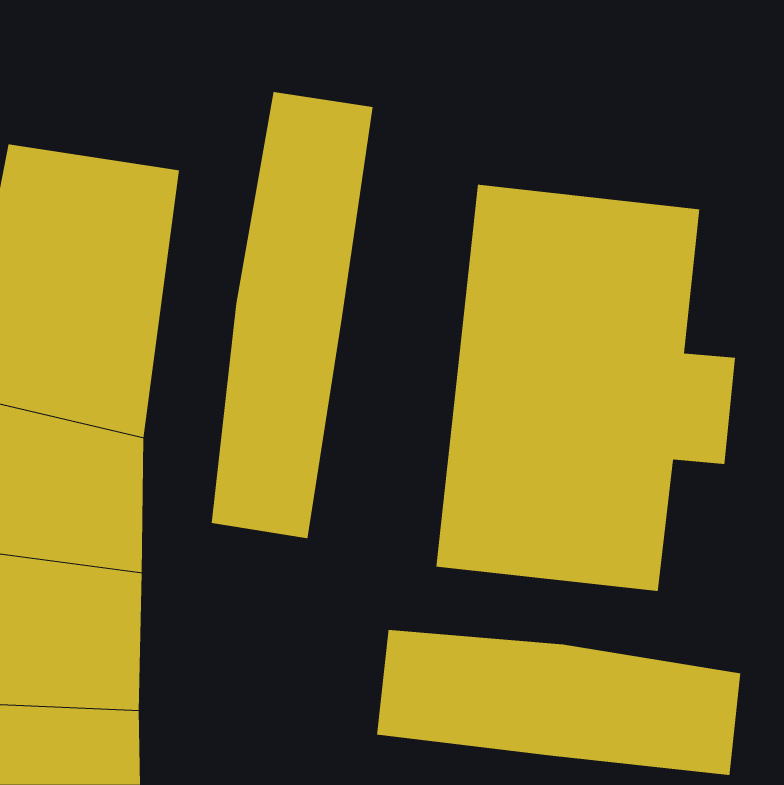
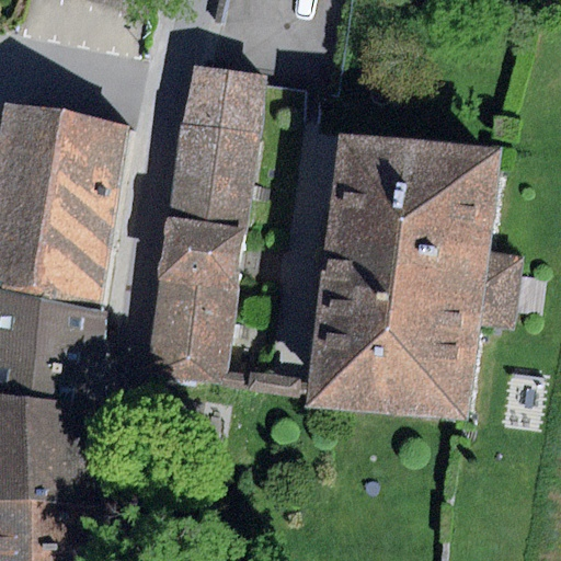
building: [377,629,741,776] -> none

